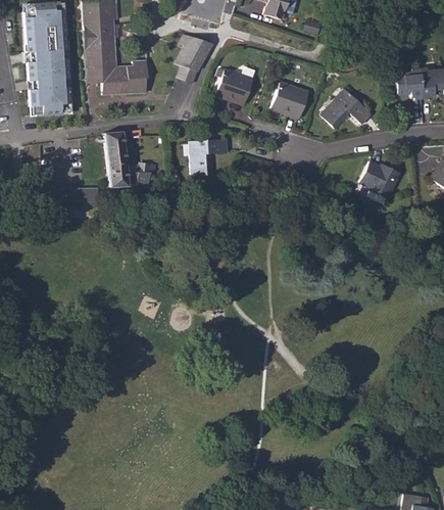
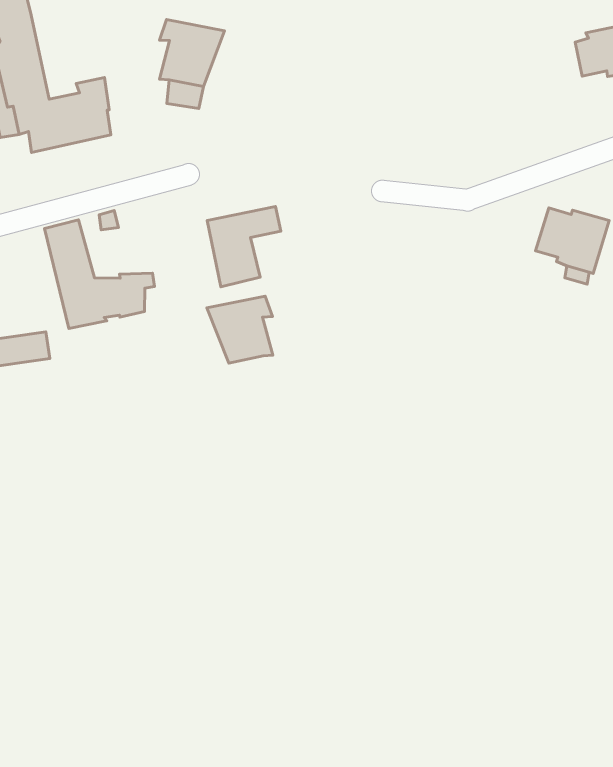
building: [215,69,253,105] -> none
building: [272,83,308,118] -> none
building: [319,89,372,128] -> none
building: none -> [207,296,273,363]

